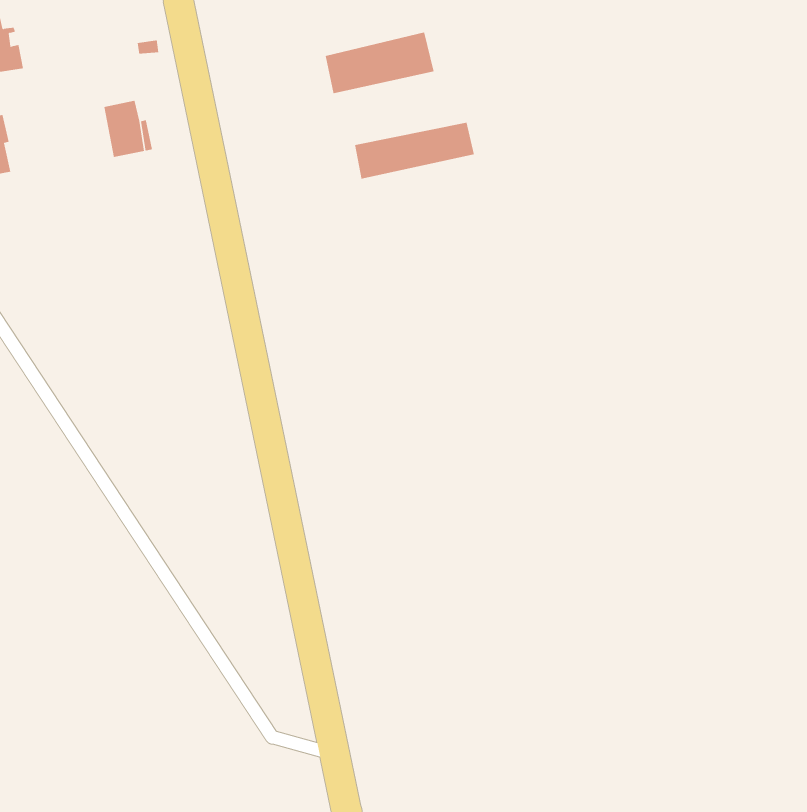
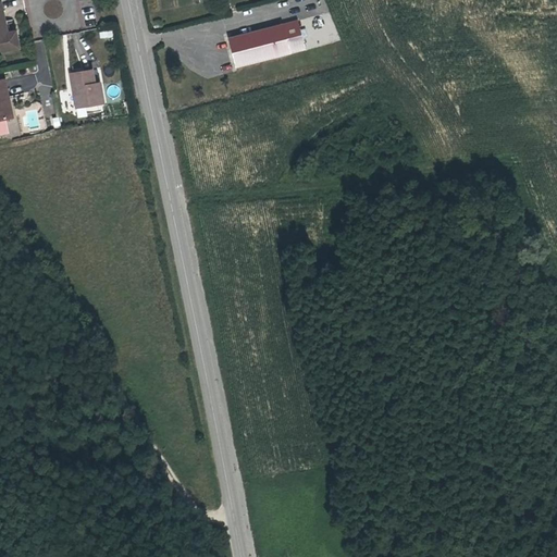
building: [354,122,474,180] -> none

